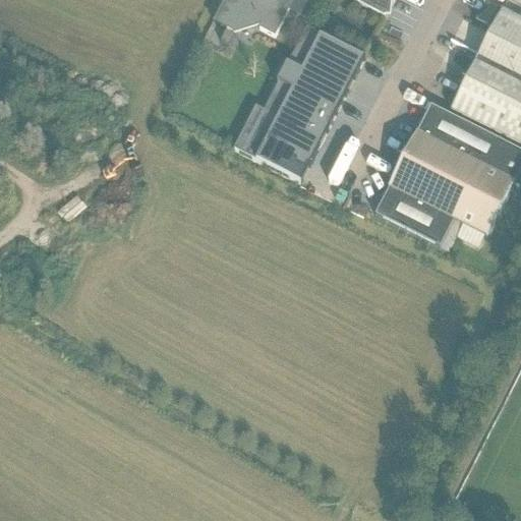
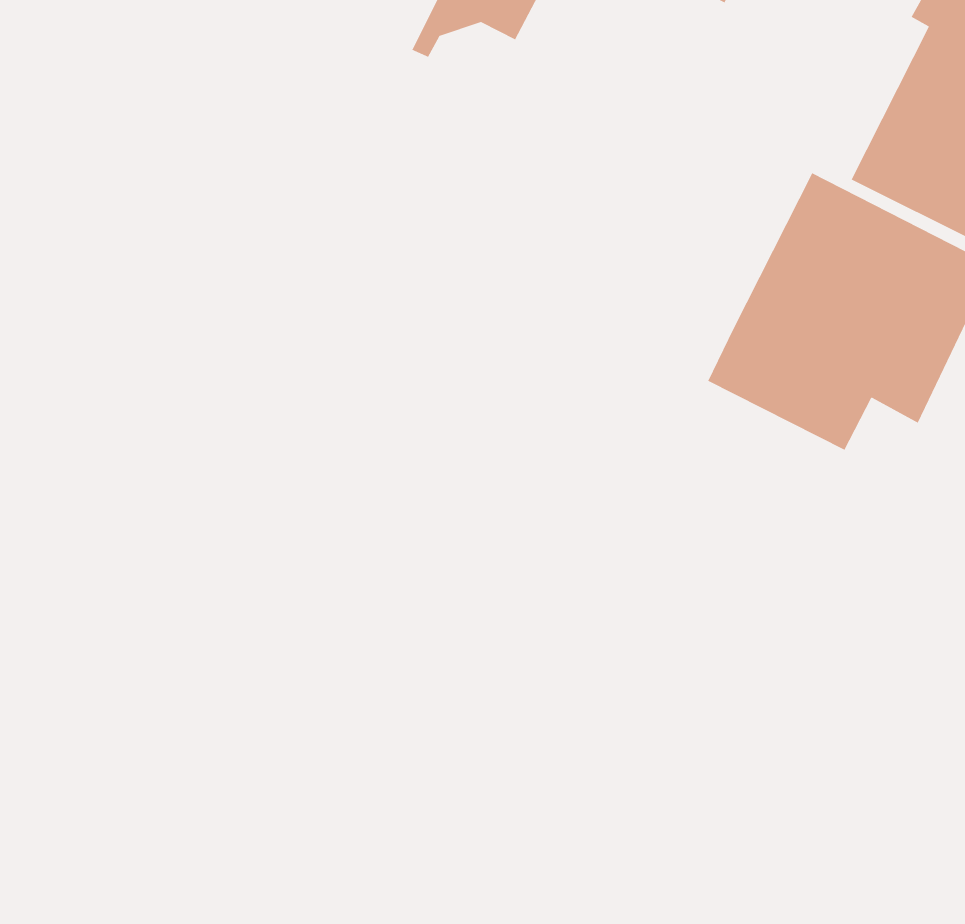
building: [233,30,364,177] -> none

